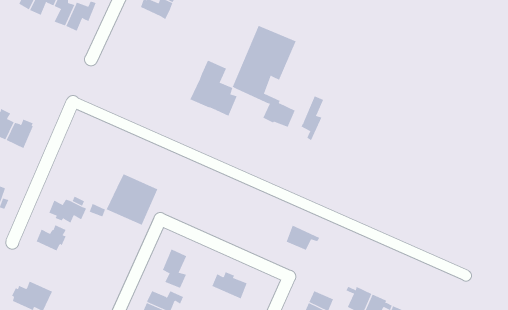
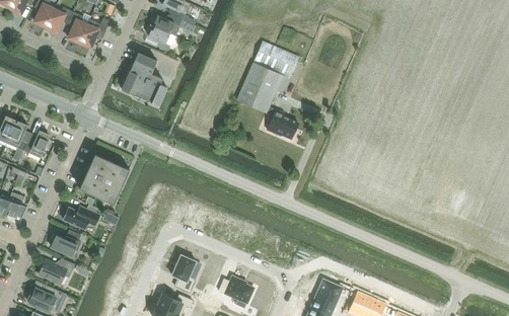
building: none -> [146,24,174,52]
building: [190,60,237,116] -> [121,53,166,106]
building: [301,96,324,141] -> none
building: [106,173,158,226] -> [78,153,128,203]
building: [286,225,320,251] -> [315,278,348,302]
building: none -> [39,259,74,285]

